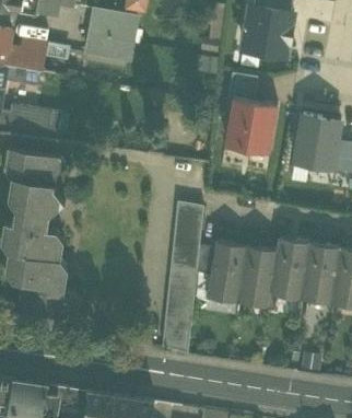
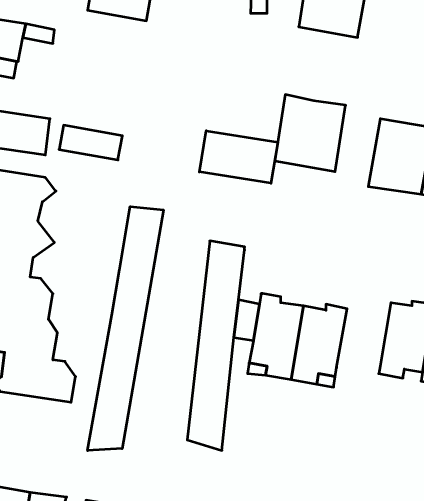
building: [86,35,132,60] -> [59,125,122,160]
building: [227,72,257,101] -> none
building: none -> [199,131,278,183]
building: none -> [88,207,163,451]
building: [270,241,309,298] -> none

